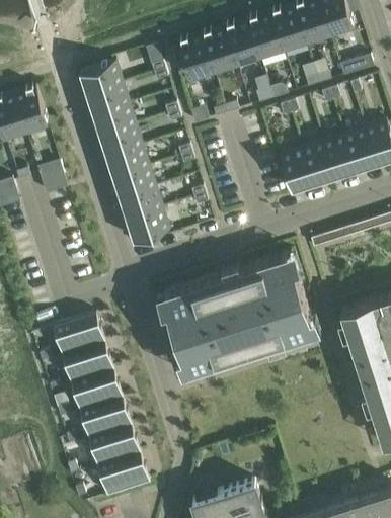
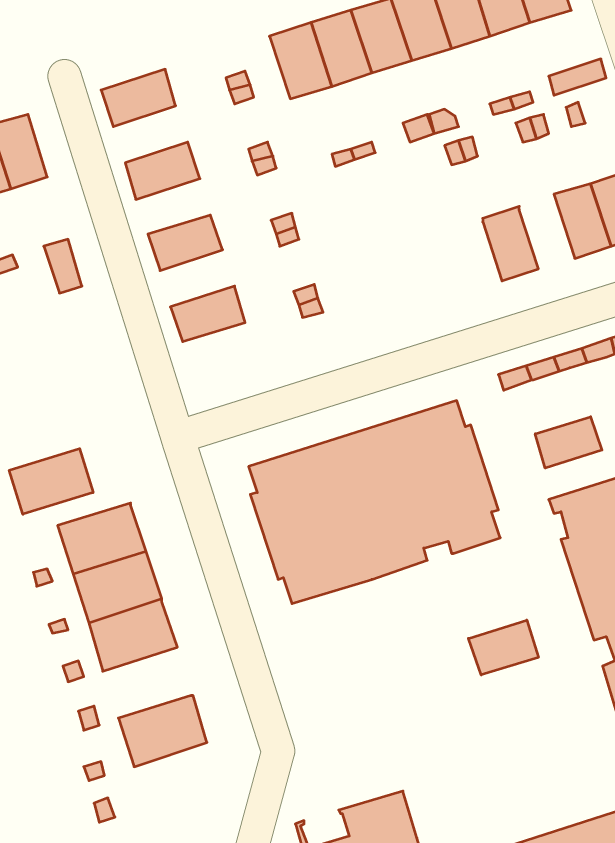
building: [84,83,128,116] -> none
building: [97,125,141,158] -> none
building: [321,135,354,178] -> none
building: [278,149,311,192] -> none
building: [111,167,155,200] -> none
building: [125,209,168,243] -> none
building: none -> [535,417,602,468]
building: none -> [9,449,93,514]
building: none -> [468,620,538,675]
building: [78,399,130,440] -> none
building: [96,454,148,497] -> none

